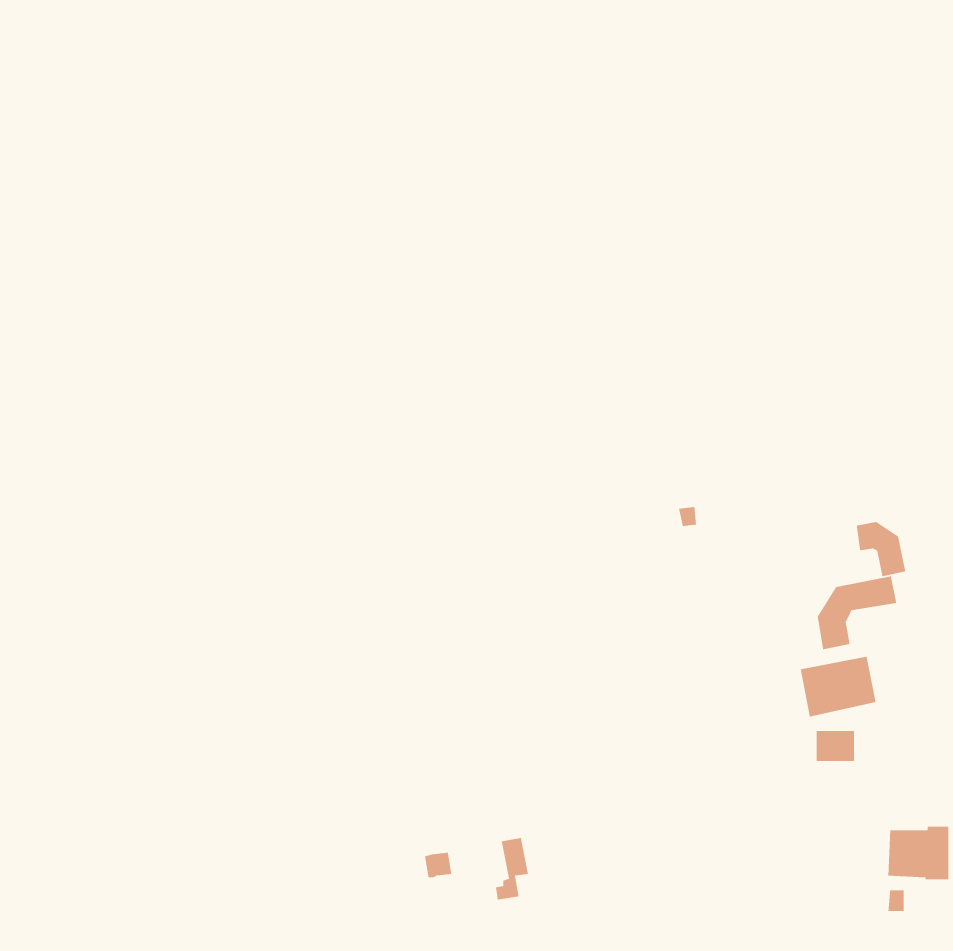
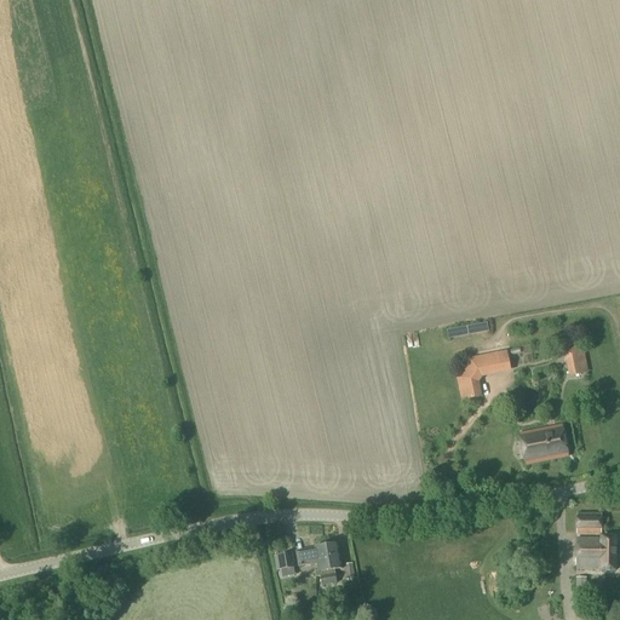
building: [817,575,897,650] -> [460,350,512,398]
building: [816,730,855,762] -> [578,512,603,533]
building: none -> [298,545,331,575]

